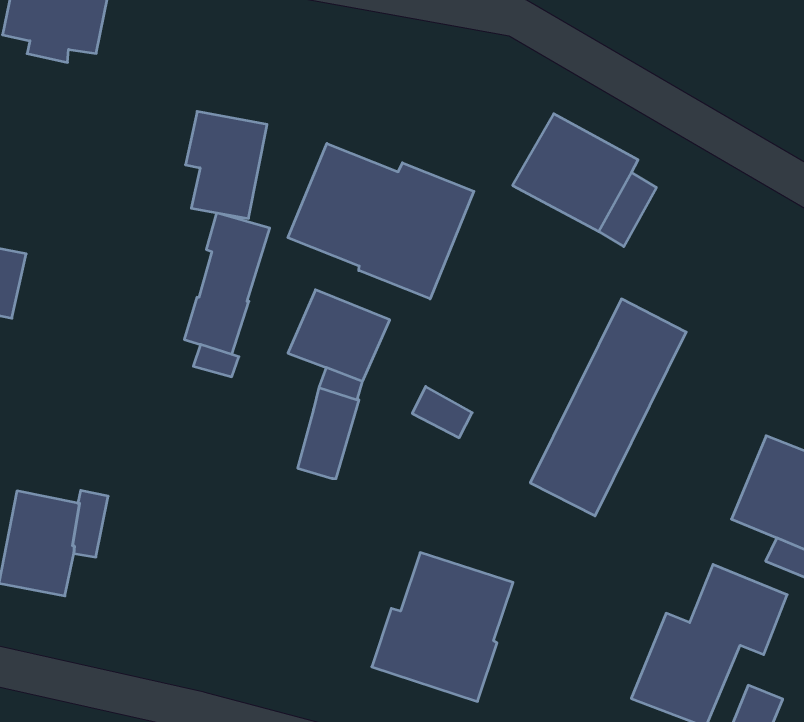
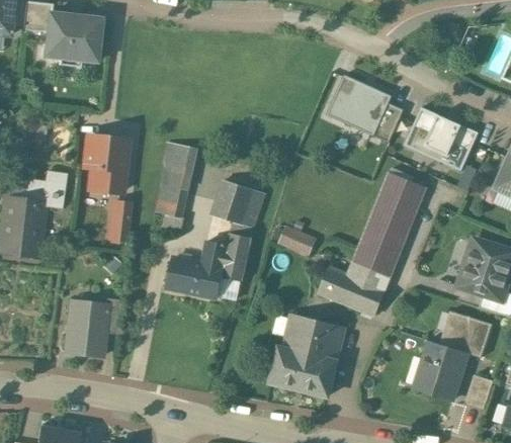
building: [185,111,267,218] -> [84,136,126,191]
building: [288,143,474,299] -> none
building: none -> [405,106,479,170]
building: none -> [109,201,131,240]
building: none -> [167,240,241,297]
building: none -> [319,267,385,315]

